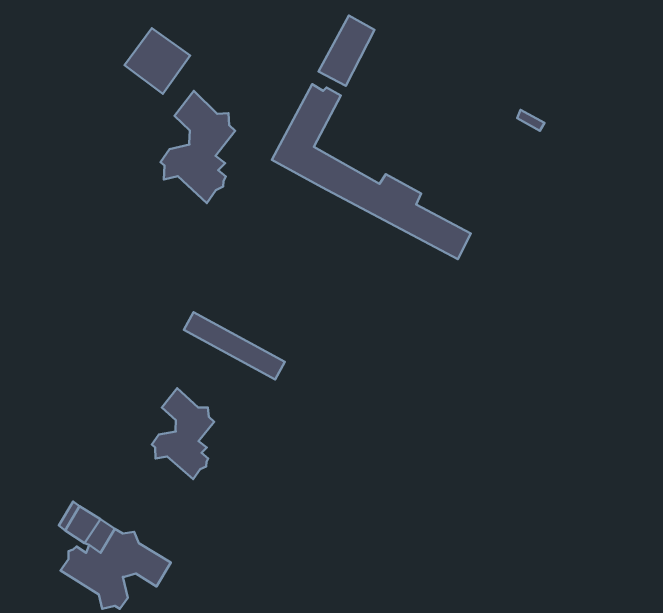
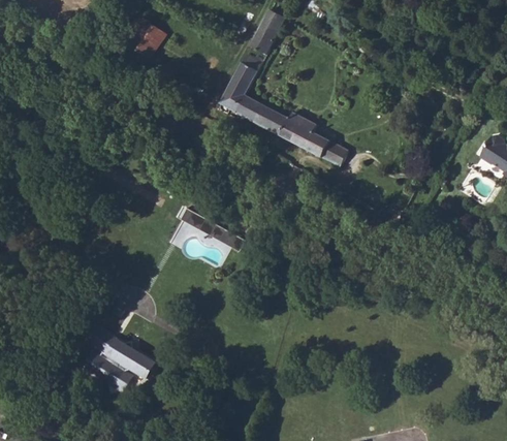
building: [161,91,235,203] -> none
building: [152,388,214,479] -> none

